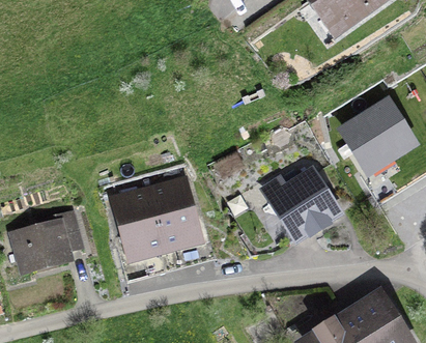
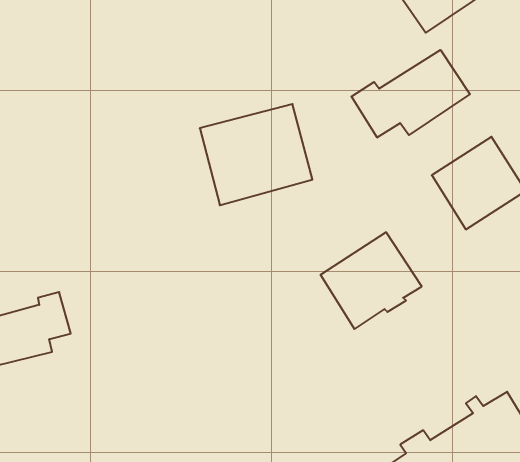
building: none -> [351,50,470,138]
building: [113,181,195,255] -> [200,104,312,205]

